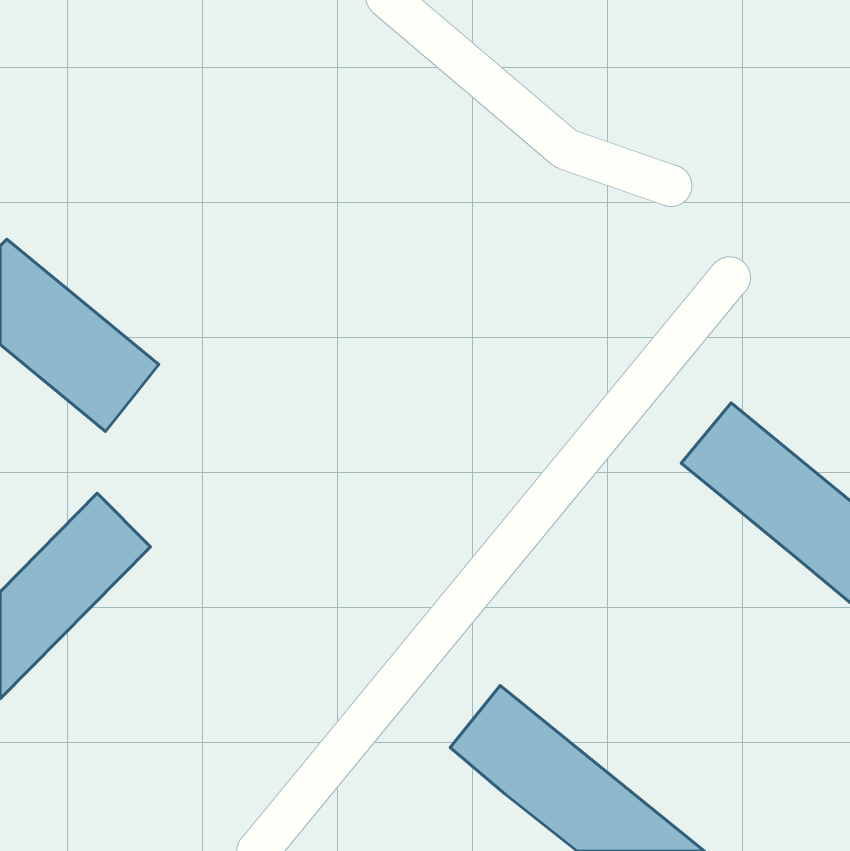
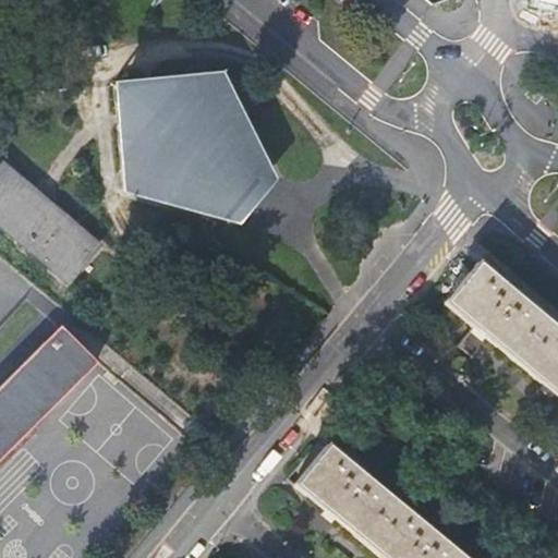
building: none -> [118,74,271,220]

